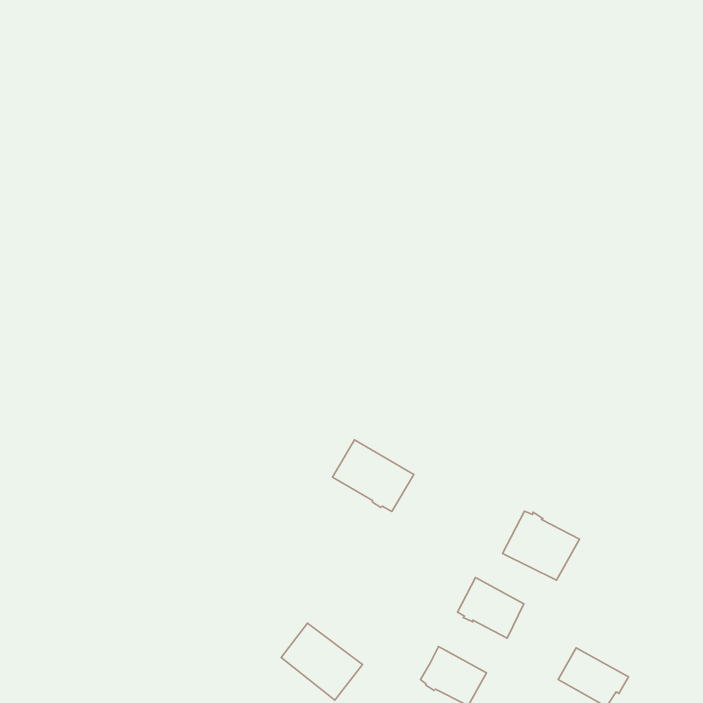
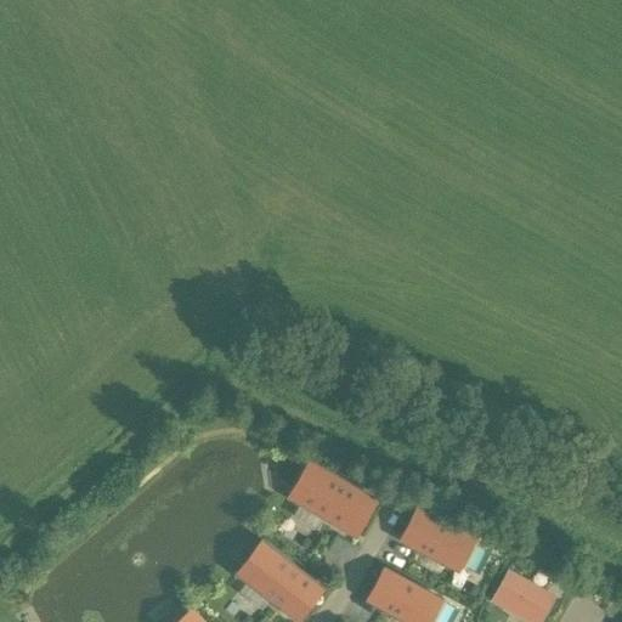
building: [332,440,414,512] -> [301,470,373,533]
building: [502,511,579,580] -> none

